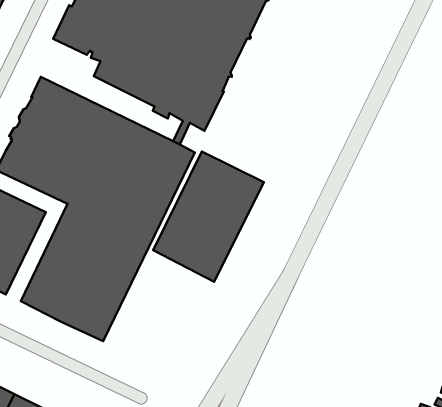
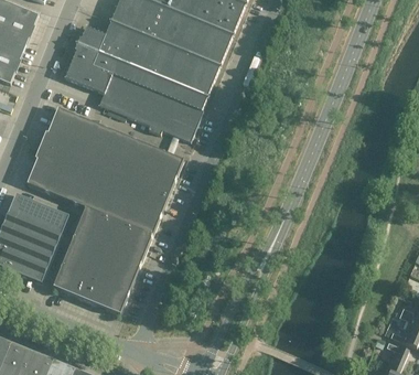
building: [153,152,264,282] -> none

